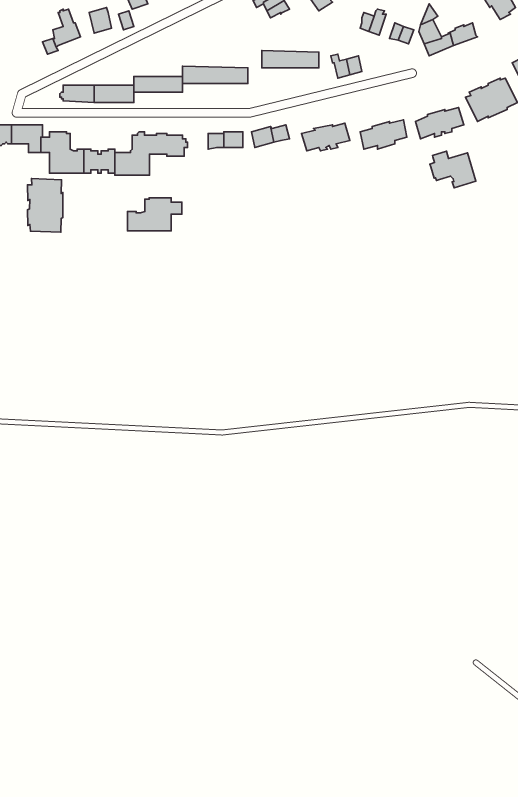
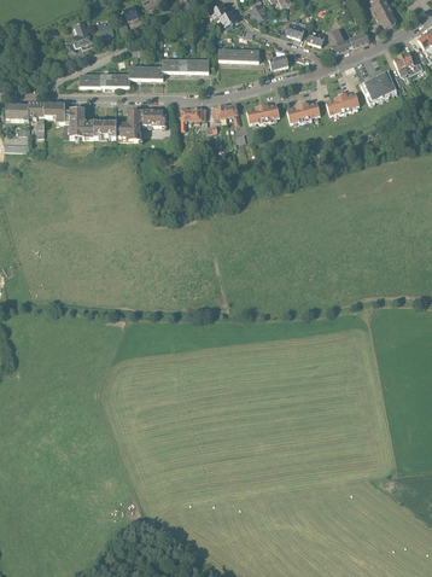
building: [430,151,476,188] -> none
building: [28,178,63,232] -> none
building: [127,198,182,231] -> none

